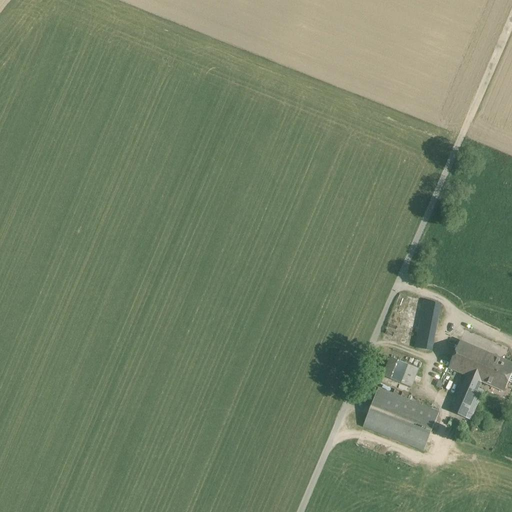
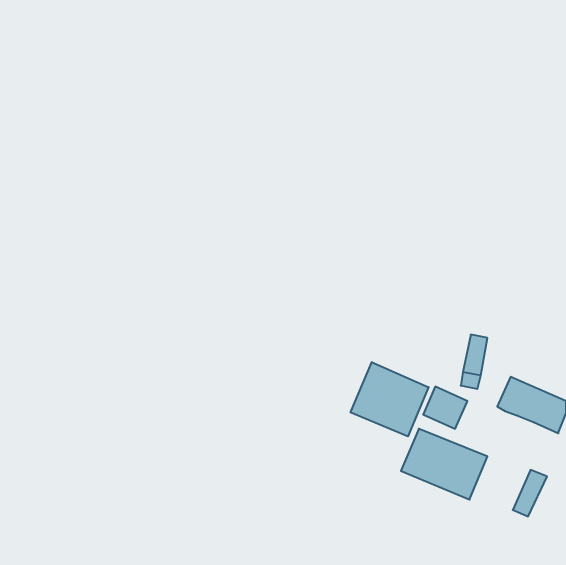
building: none -> [351,362,429,436]
building: [451,375,482,417] -> [513,470,547,516]

